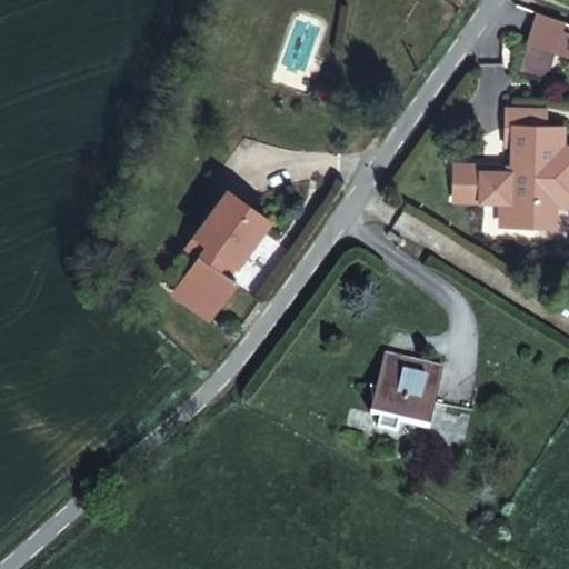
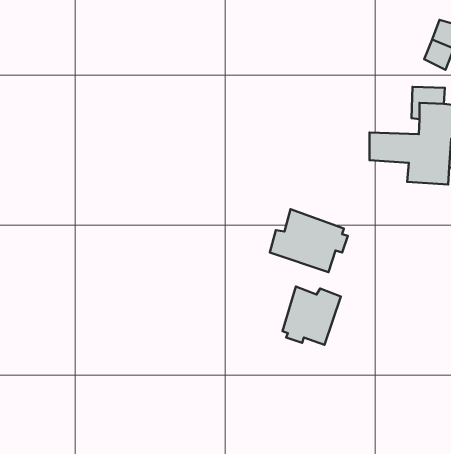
building: [173,193,268,319] -> none
building: none -> [270,209,348,272]

